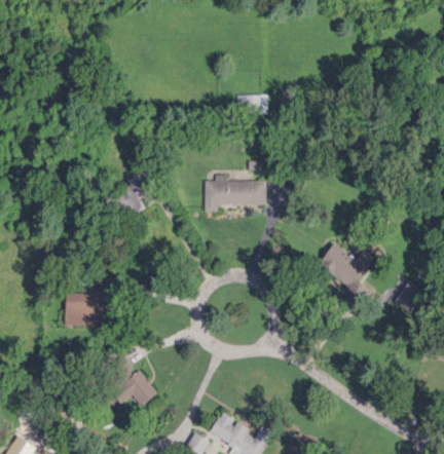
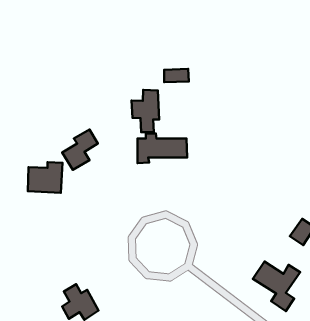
building: none -> [132,90,159,132]
building: [318,244,376,306] -> [253,261,300,311]
building: [64,288,107,326] -> [28,162,63,193]

